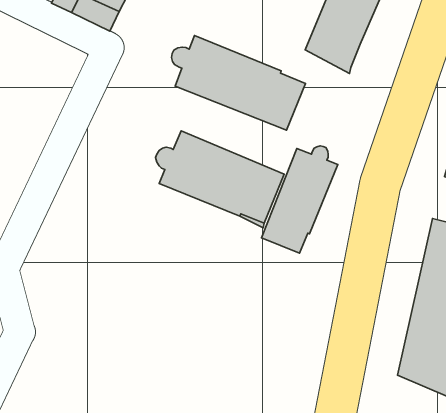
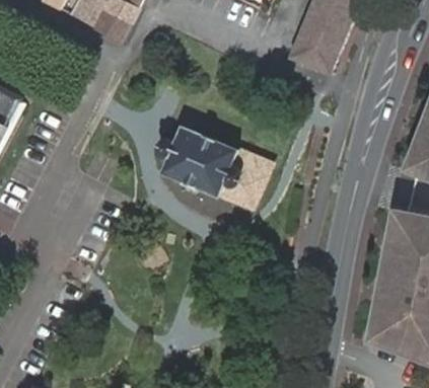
building: [172,36,305,130] -> none
building: [262,146,338,253] -> none

